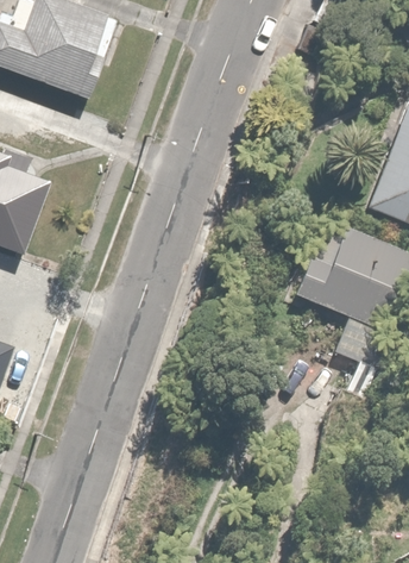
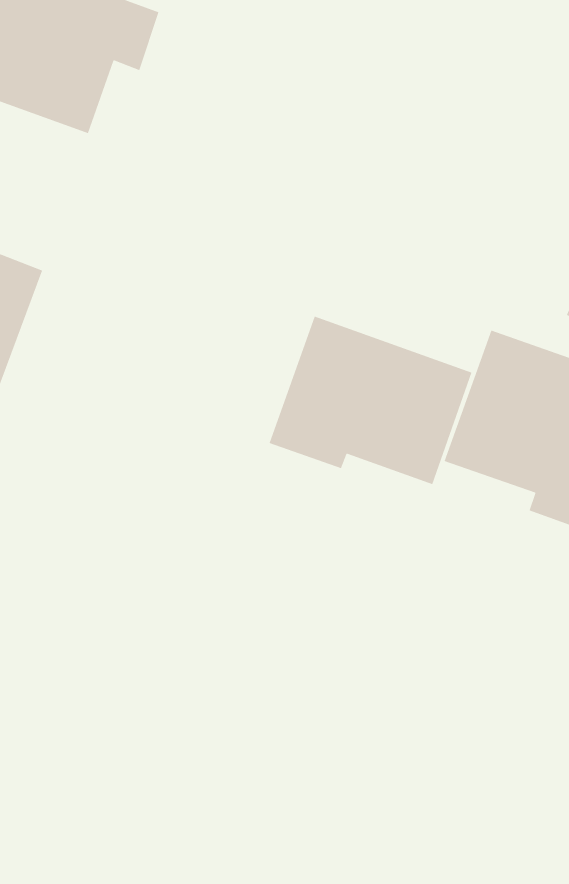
building: none -> [269,316,473,485]

